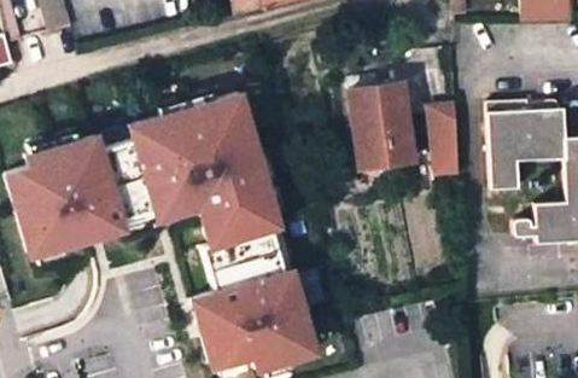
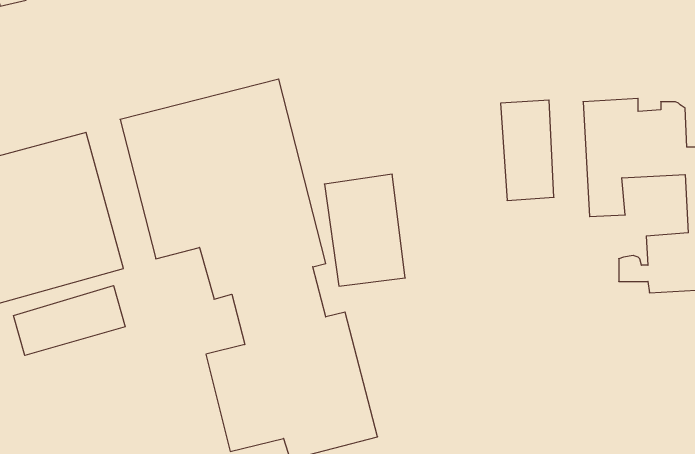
building: [346,85,407,168] -> [324,174,405,286]
building: none -> [14,286,125,355]

